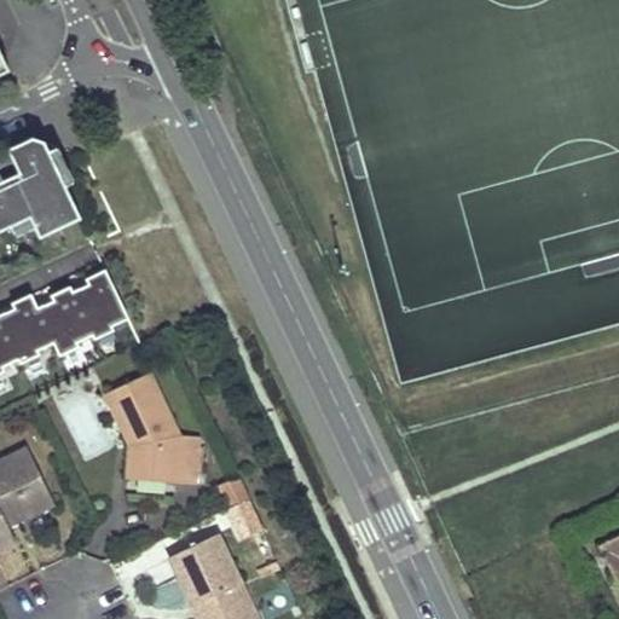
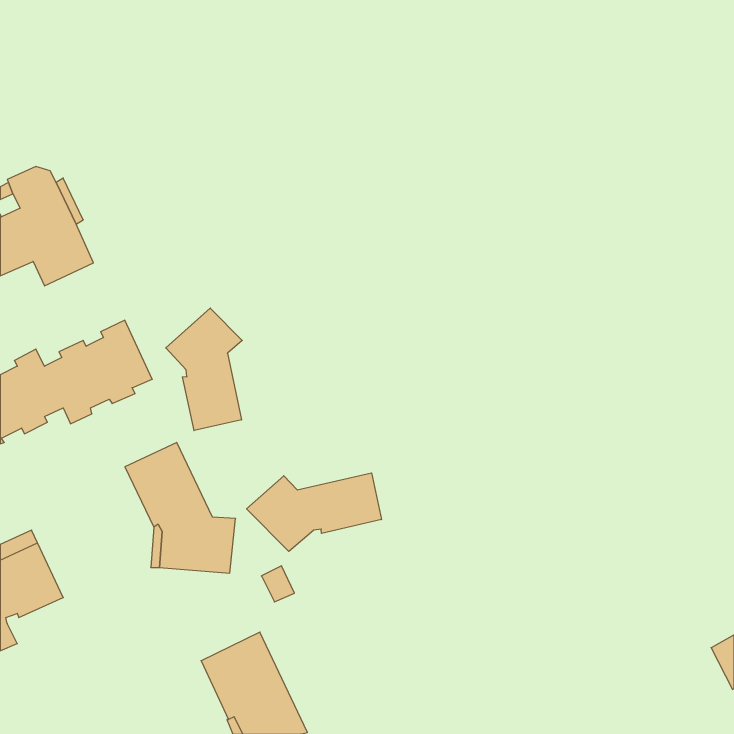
building: none -> [166,308,242,431]
building: none -> [247,473,381,551]

